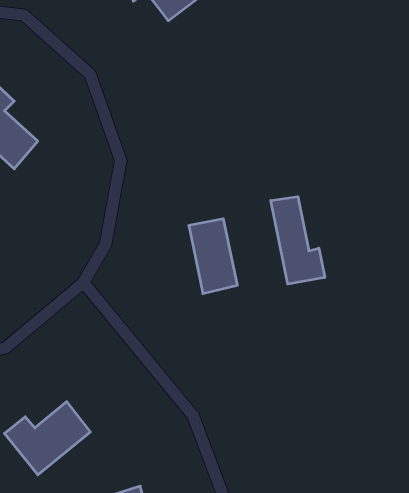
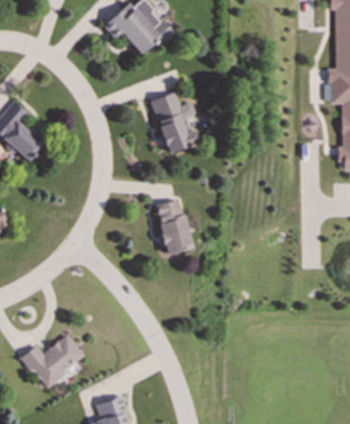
building: none -> [151,92,196,153]
building: [271,197,325,284] -> none

